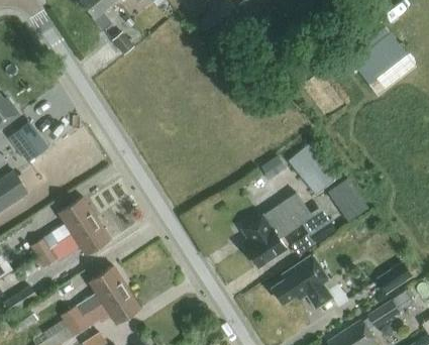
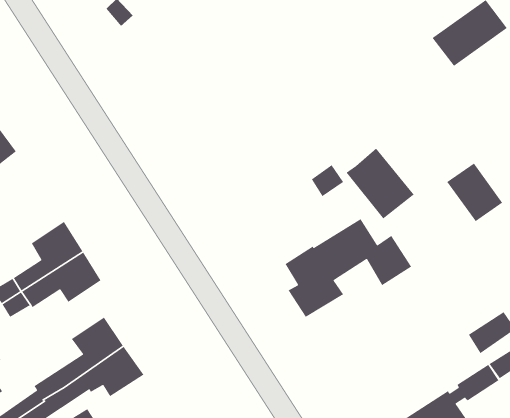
building: [327,179,368,222] -> [446,163,503,222]
building: [273,255,332,309] -> none

